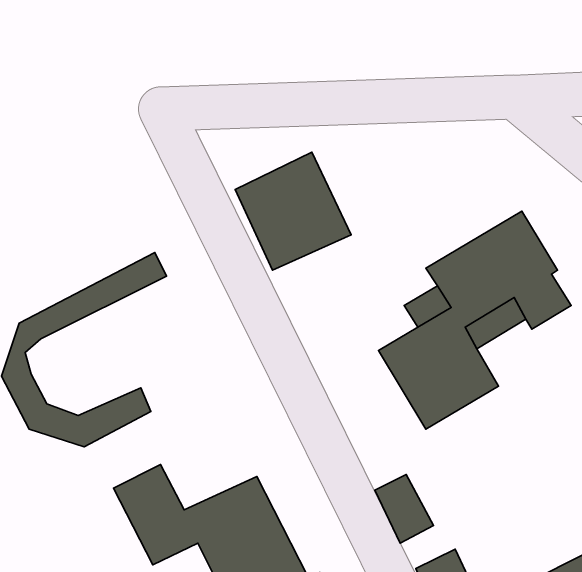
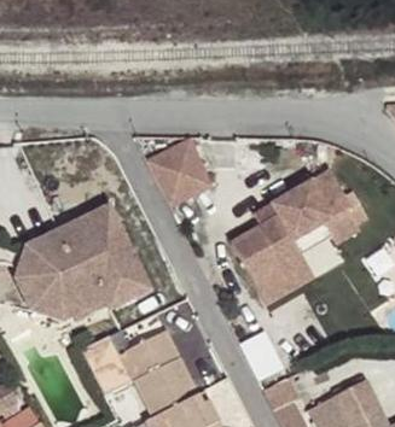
building: none -> [23,210,146,302]

